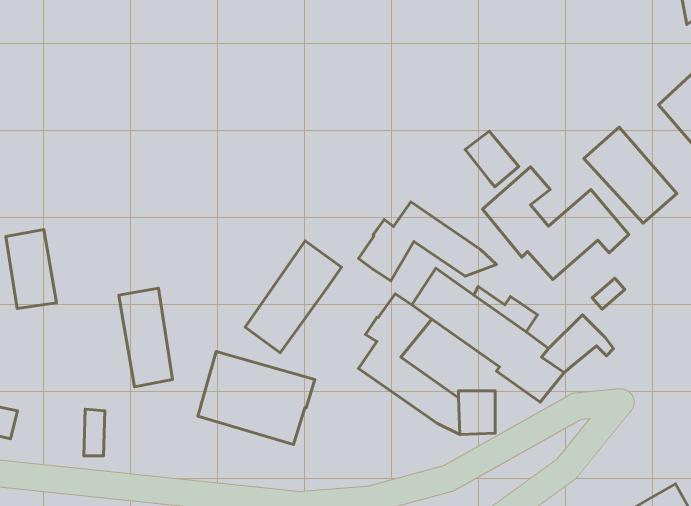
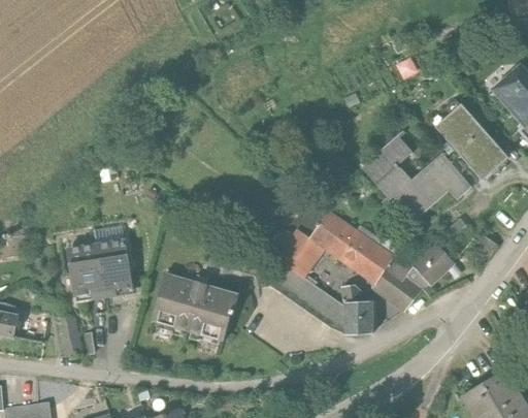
building: [465,131,519,187] -> none
building: [358,202,497,281] -> none
building: [6,230,57,309] -> [70,245,107,302]
building: [245,241,341,353] -> none

